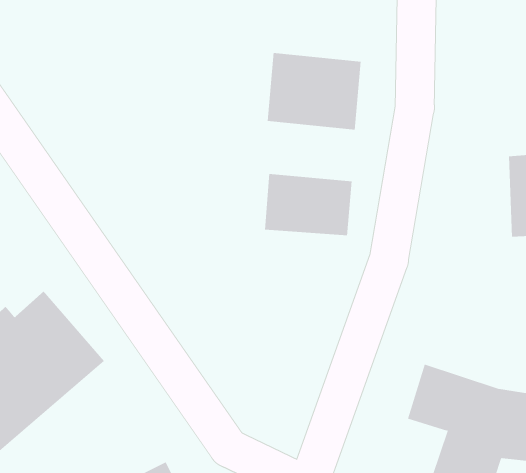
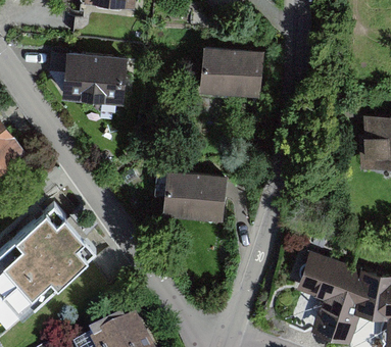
building: none -> [62,52,131,107]
building: [264,173,353,236] -> [165,175,225,216]

